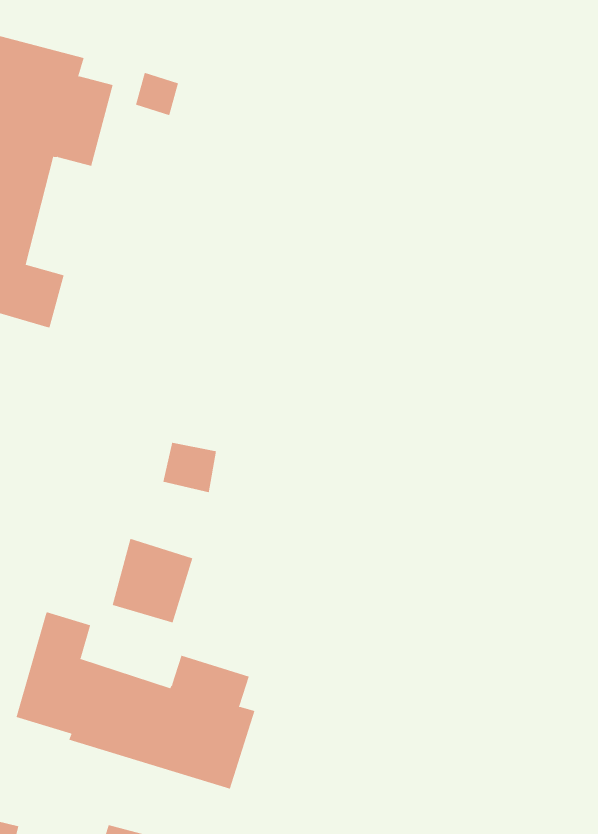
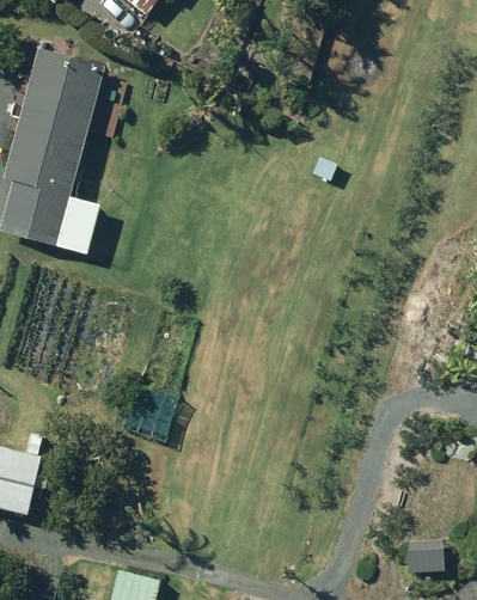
building: [16,611,255,790] -> none

